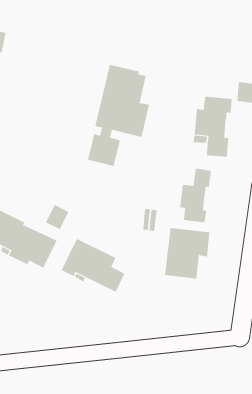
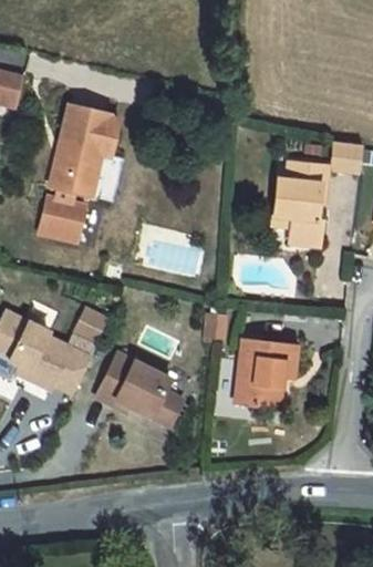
building: [87,64,150,166] -> [39,103,123,240]
building: [180,168,212,223] -> none

